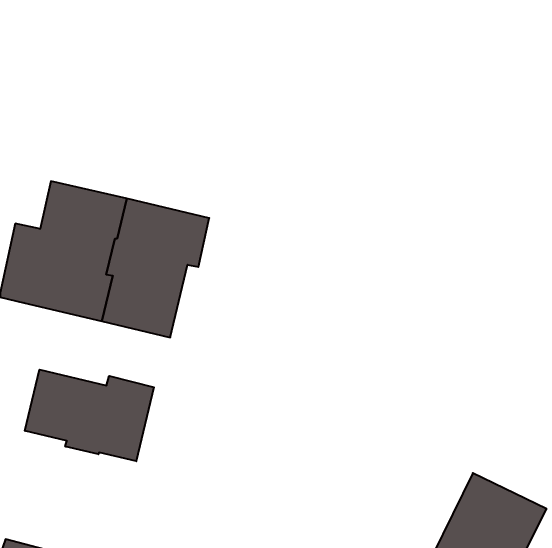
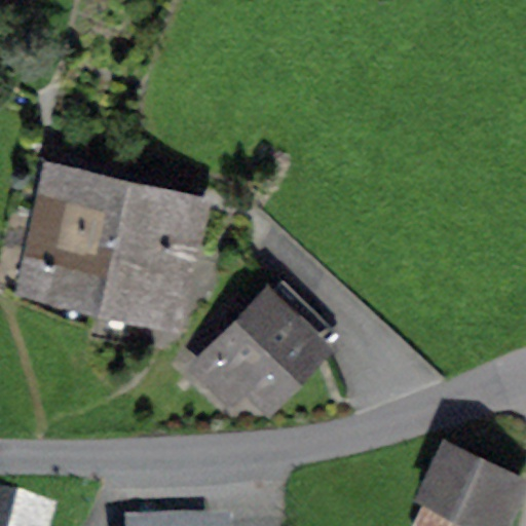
building: none -> [215,289,330,403]
building: [25,370,154,461] -> none

